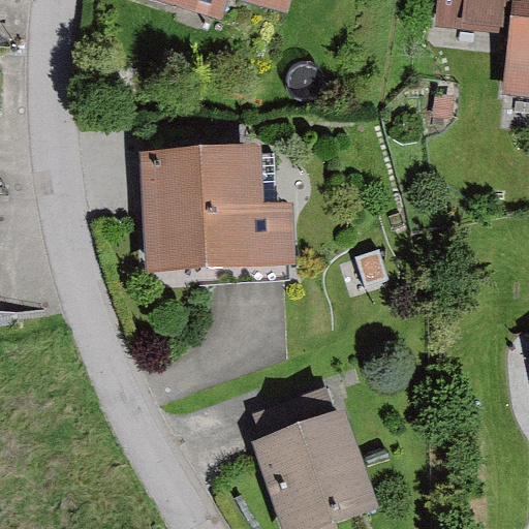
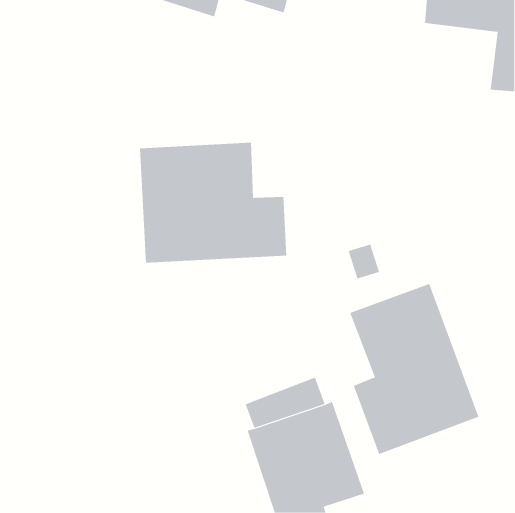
building: none -> [350,283,479,455]

